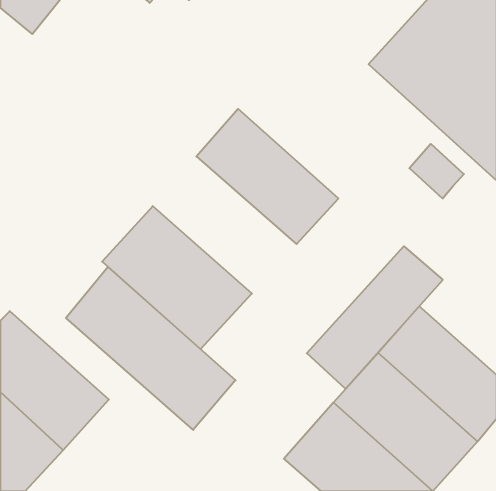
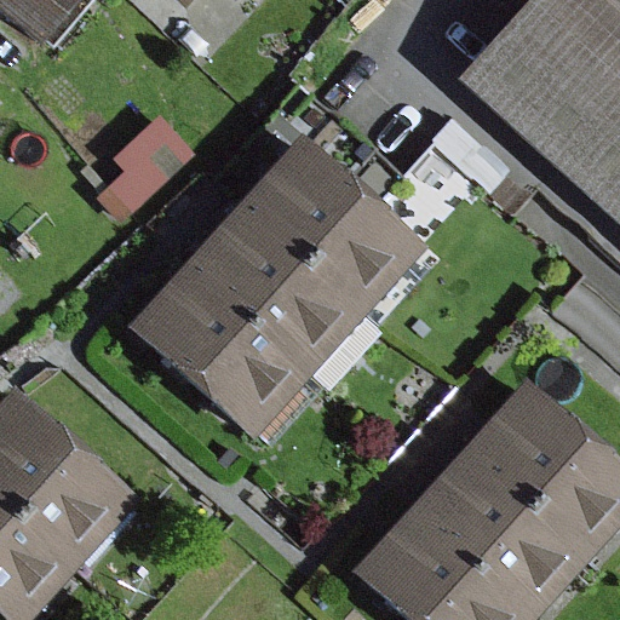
building: none -> [107,113,201,218]
building: none -> [191,195,388,381]
building: [307,246,443,389] -> none
building: [66,267,236,430] -> none

